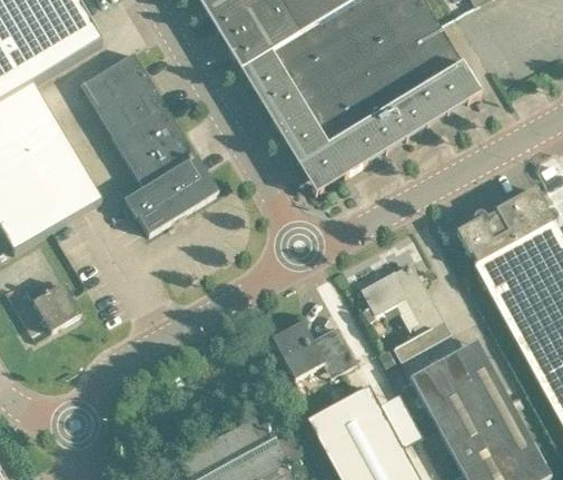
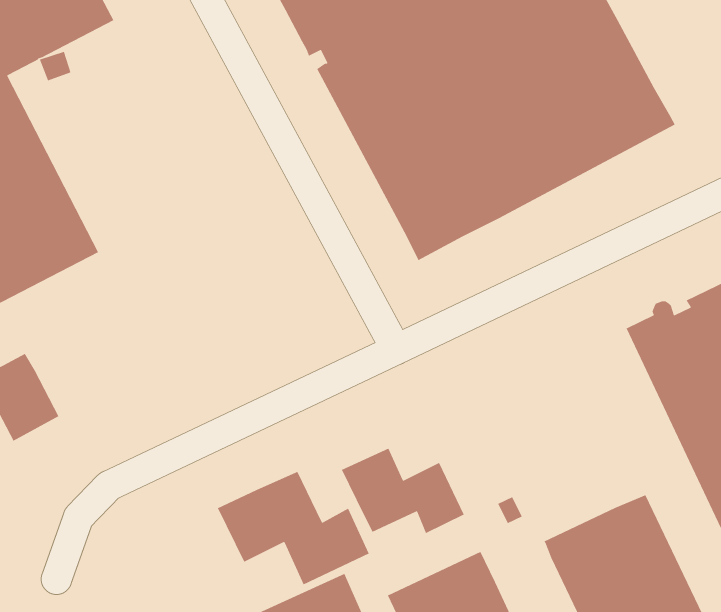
building: [80,51,219,233] -> none
building: [360,263,451,359] -> none
building: none -> [217,471,370,585]

